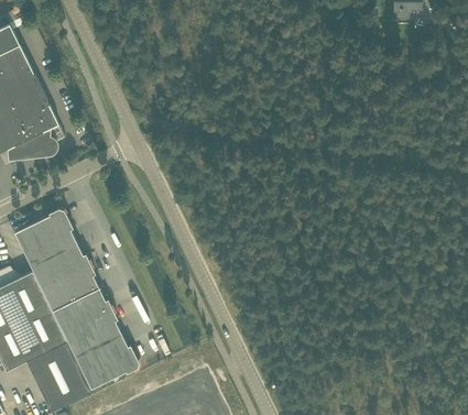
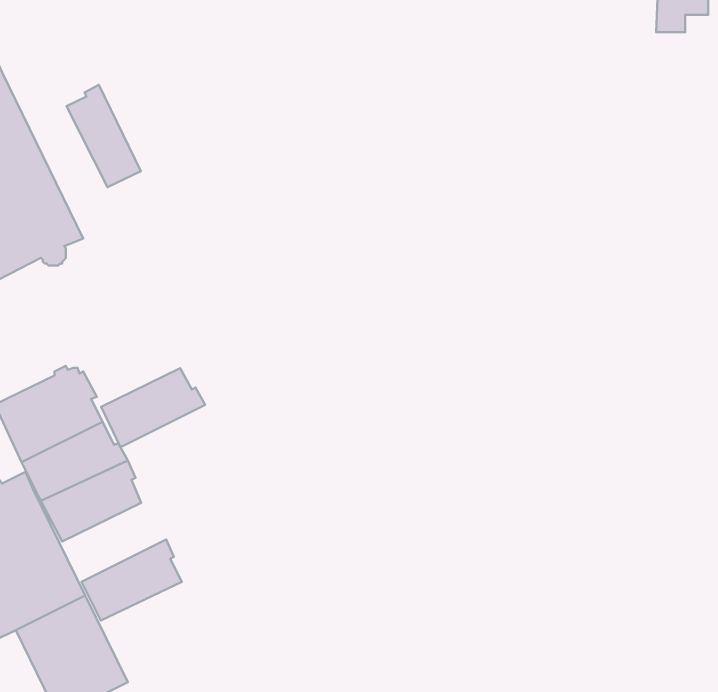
building: none -> [67,85,141,187]
building: [53,288,112,334] -> [101,368,205,447]
building: [75,334,137,389] -> none

